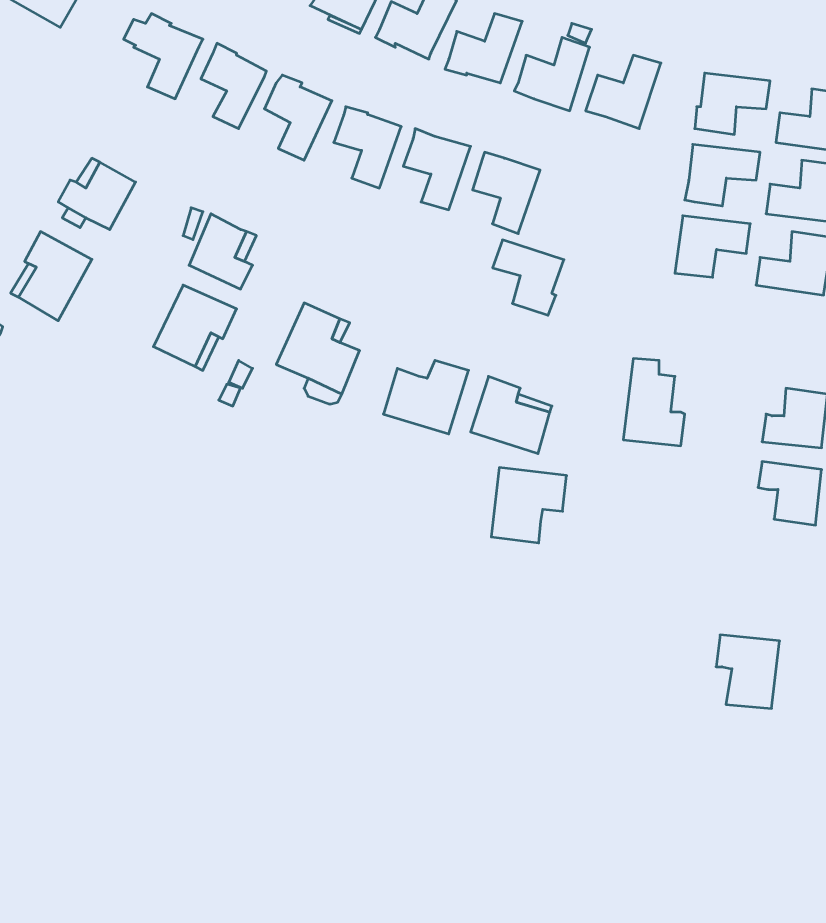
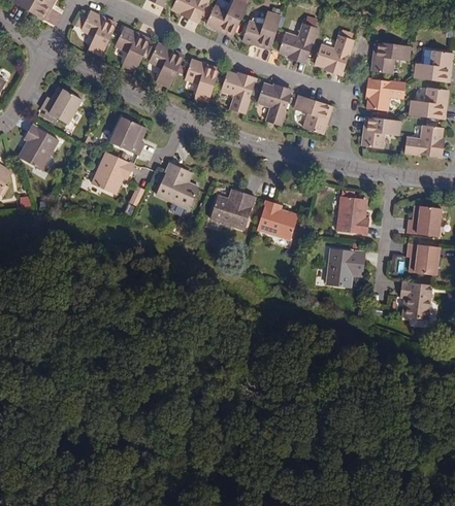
building: [493,240,564,315] -> [293,94,330,133]
building: [491,468,567,543] -> [324,248,363,288]
building: [716,635,780,708] -> [397,281,430,319]

